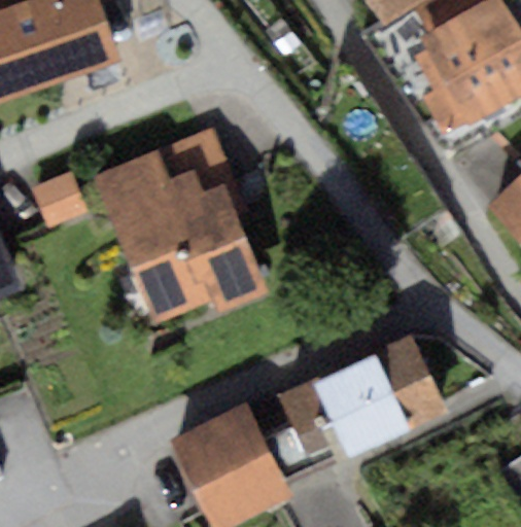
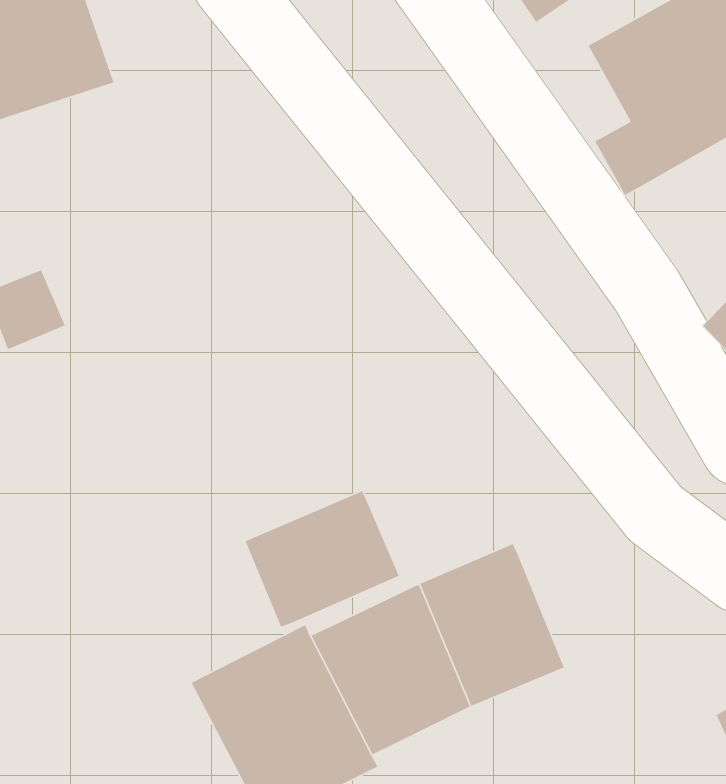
building: [92,149,267,322] -> none
building: none -> [245,490,400,628]
building: [375,340,449,429] -> none

